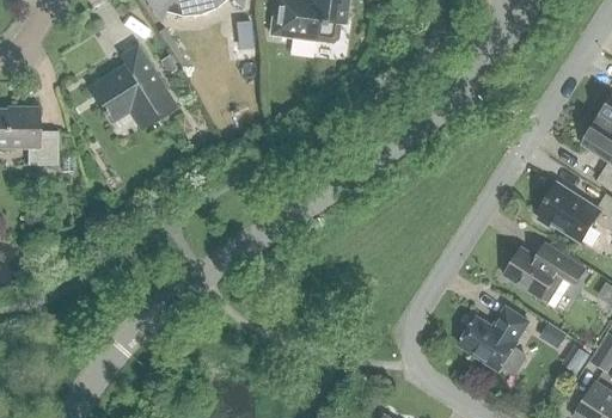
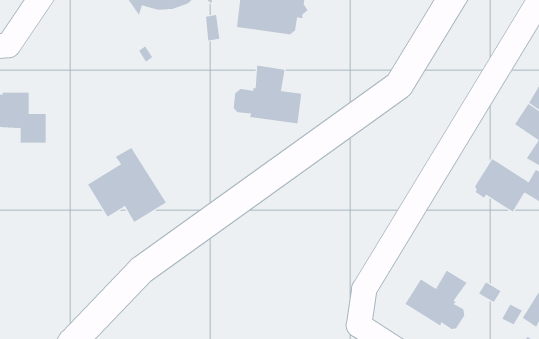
building: [87,44,177,129] -> [87,147,167,223]
building: none -> [233,65,302,124]
building: [503,242,585,306] -> none

